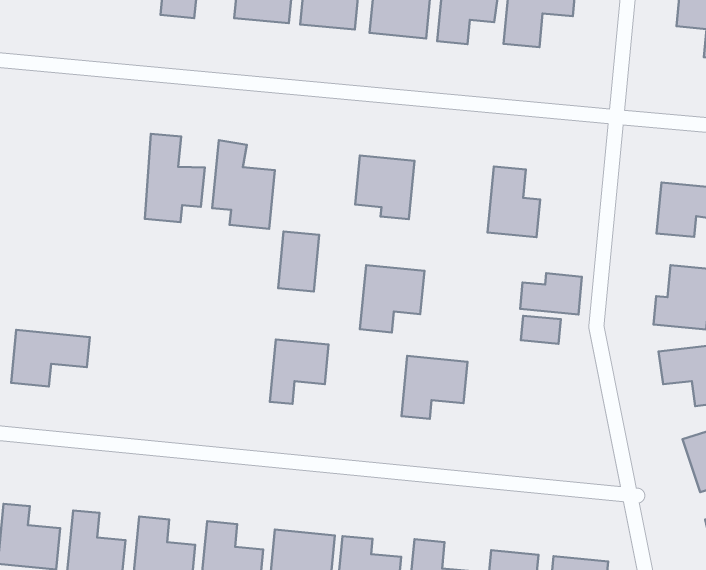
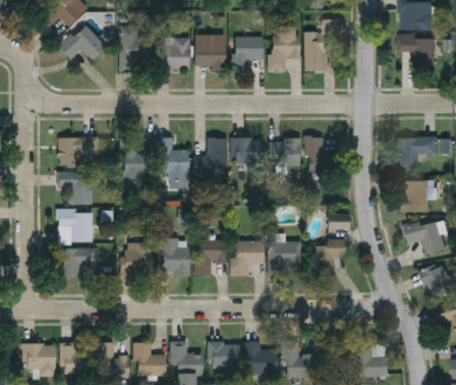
building: none -> [58,136,99,164]
building: none -> [271,139,300,167]
building: none -> [59,171,93,203]
building: [278,232,319,292] -> [208,138,227,168]
building: none -> [58,209,94,243]
building: [360,265,424,332] -> [232,240,264,275]
building: [520,273,582,314] -> [315,238,346,259]
building: none -> [122,242,152,275]
building: none -> [158,242,188,273]

